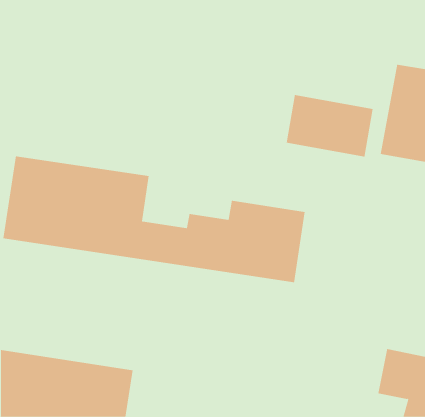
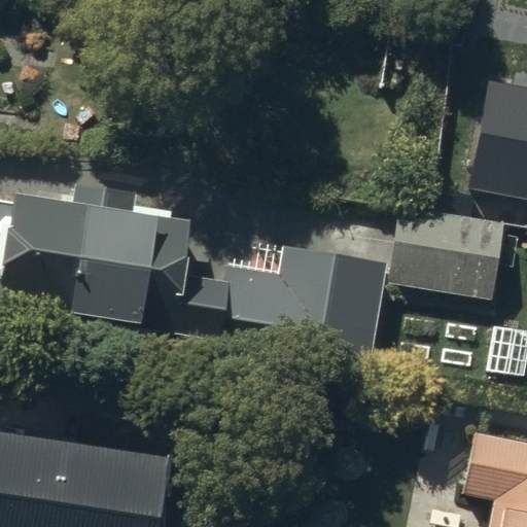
building: [286,95,373,157] -> [392,210,500,287]

